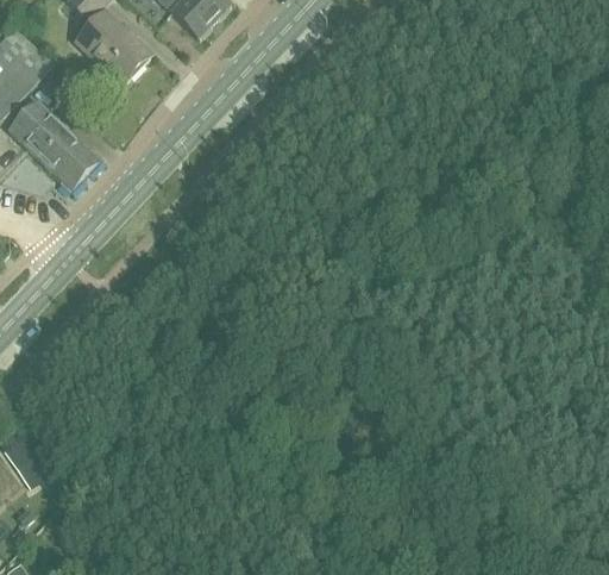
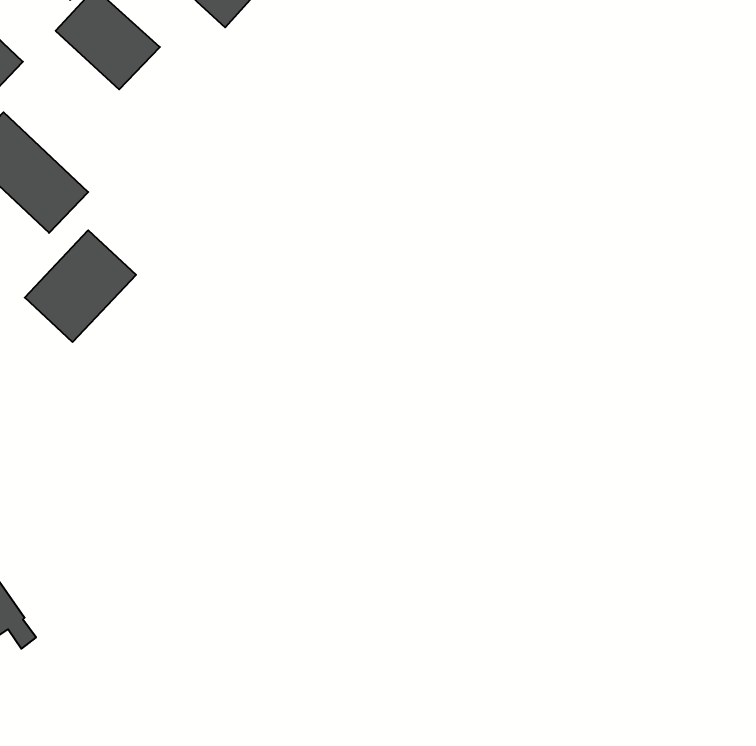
building: none -> [25,230,136,342]

